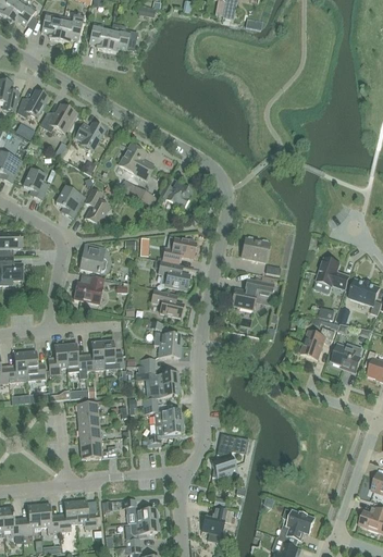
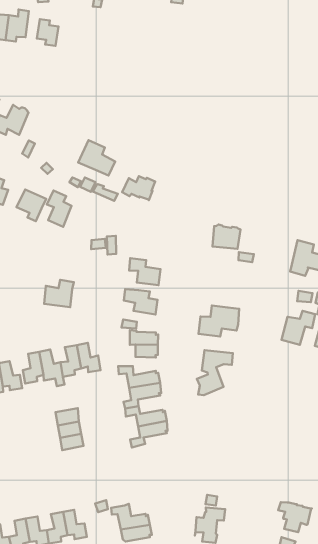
building: [107,22,137,51] -> none
building: [75,121,106,149] -> none
building: [162,236,196,262] -> none
building: [81,244,107,271] -> none
building: [232,277,273,308] -> [198,306,239,336]
building: [211,433,248,476] -> [197,350,233,395]
building: [79,437,118,457] -> none

